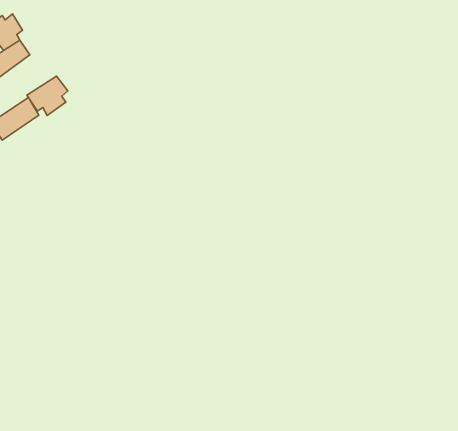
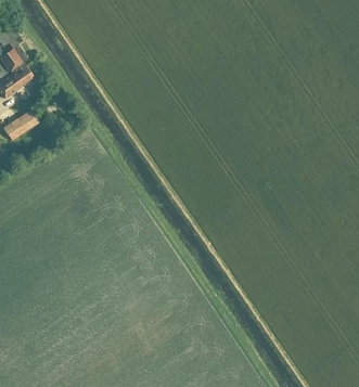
building: [27,76,68,116] -> none

